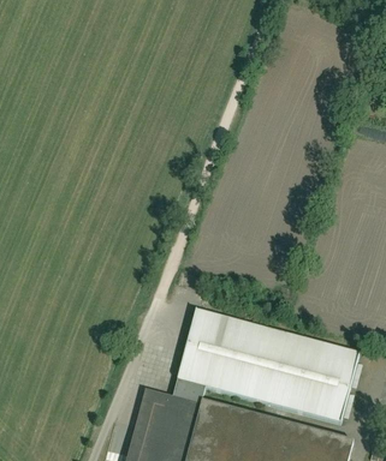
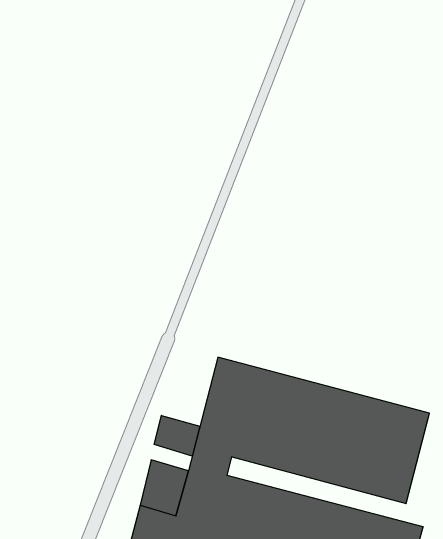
building: none -> [154,415,200,456]

